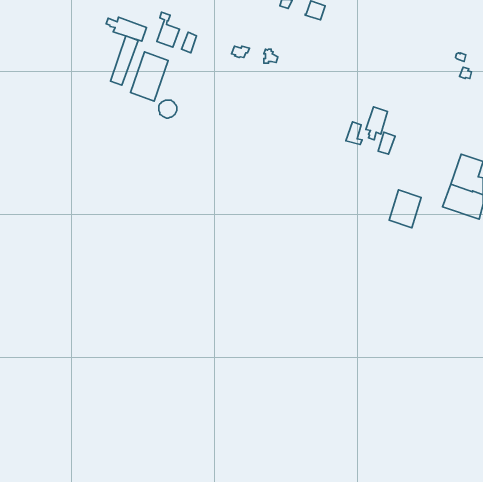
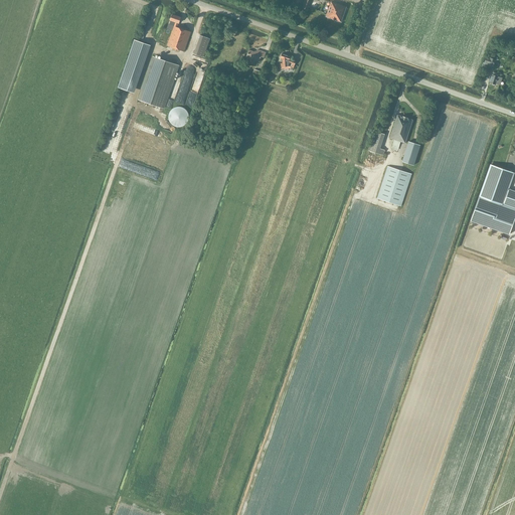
building: [106,17,146,41] -> none
building: [389,190,421,228] -> [377,165,411,205]

